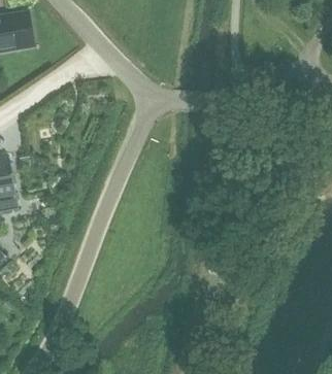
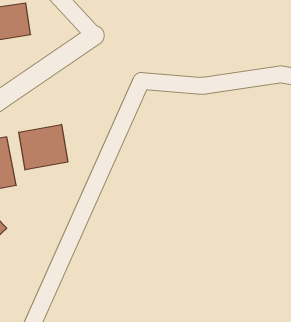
building: none -> [19,124,68,170]

